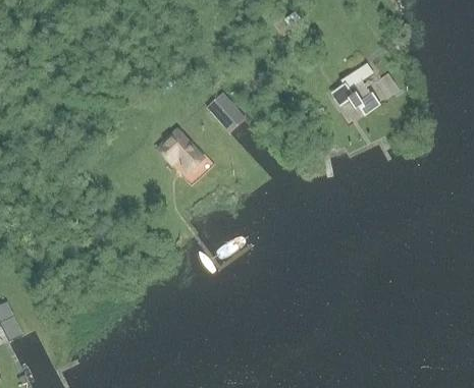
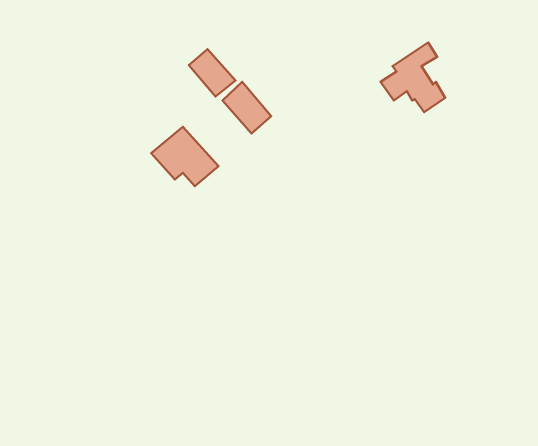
building: none -> [189,49,235,97]

